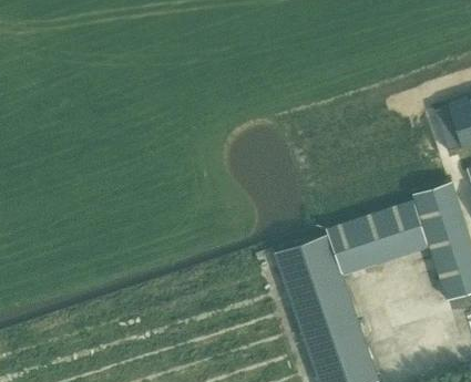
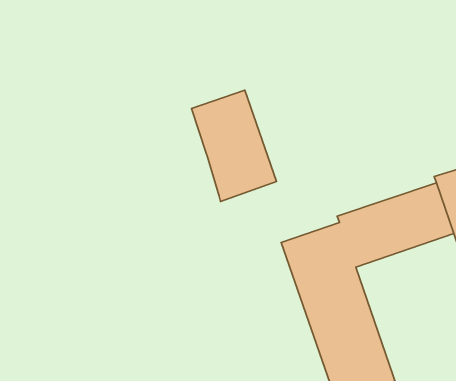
building: none -> [191,90,277,201]

